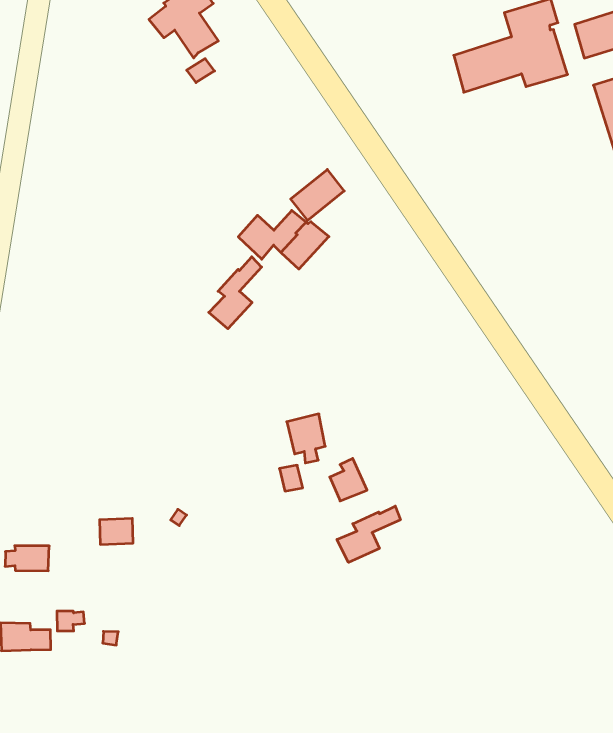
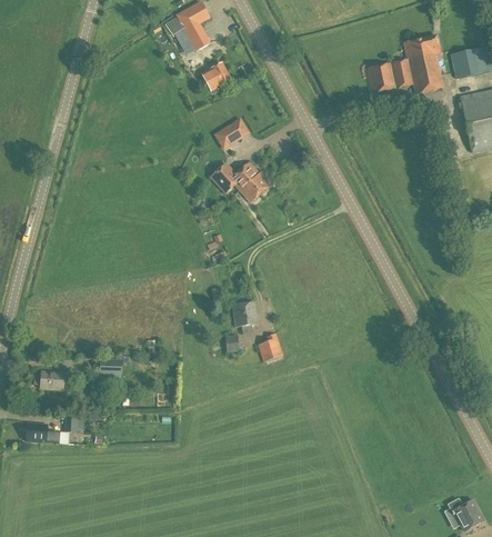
building: none -> [202,62,230,93]
building: [291,169,344,221] -> [213,116,250,149]
building: [209,257,262,329] -> none
building: [337,506,400,562] -> none

